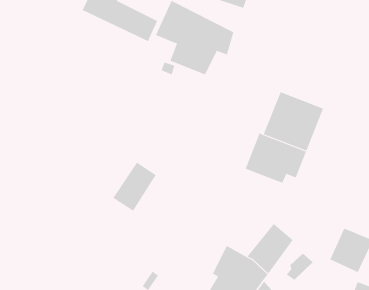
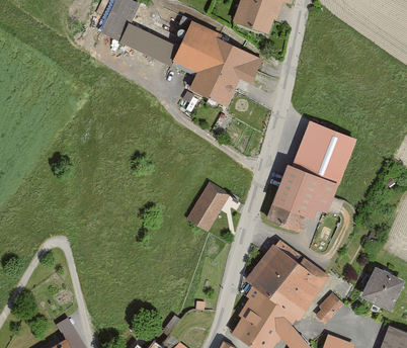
building: [112,162,156,211] -> [184,180,231,233]
building: none -> [265,203,308,233]
building: none -> [244,244,302,296]

